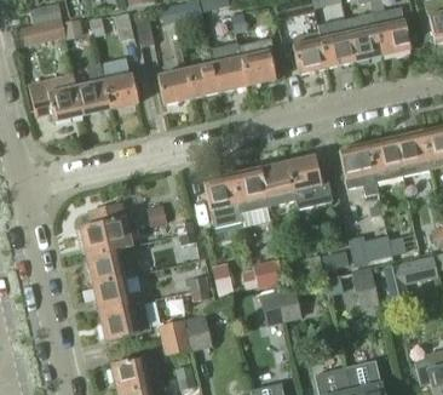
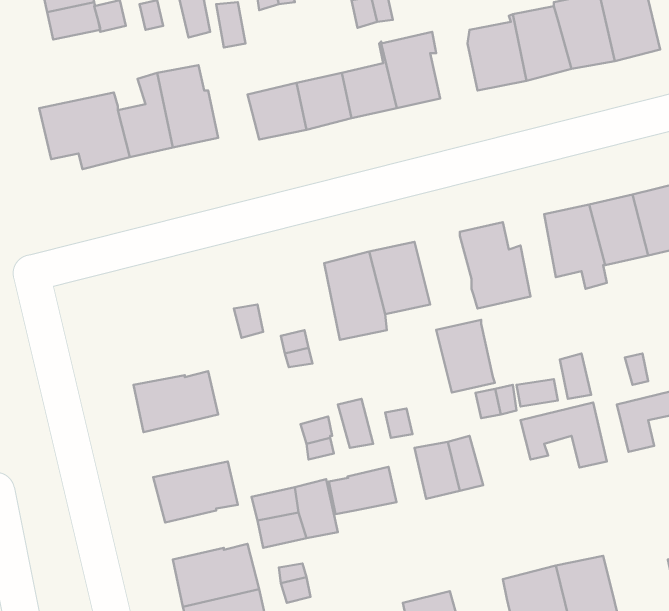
building: [260,160,297,205] -> [436,320,495,393]
building: [81,202,133,254] -> none
building: [93,276,145,311] -> none
building: none -> [329,467,396,514]

